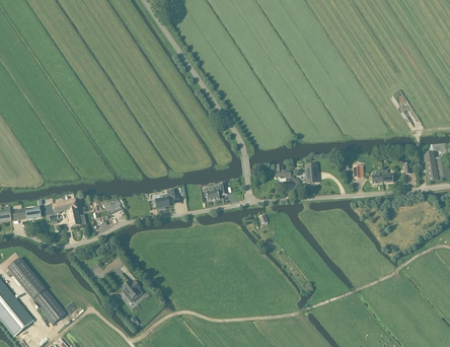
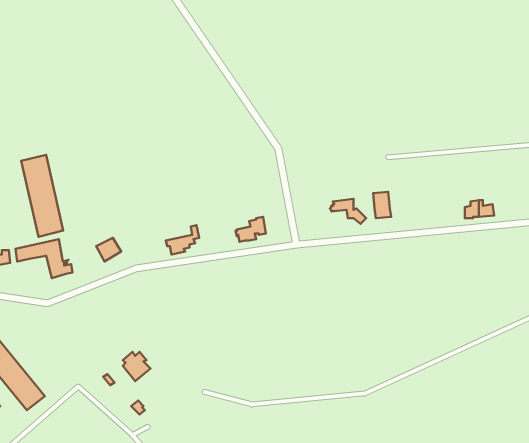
building: none -> [21,155,63,237]

